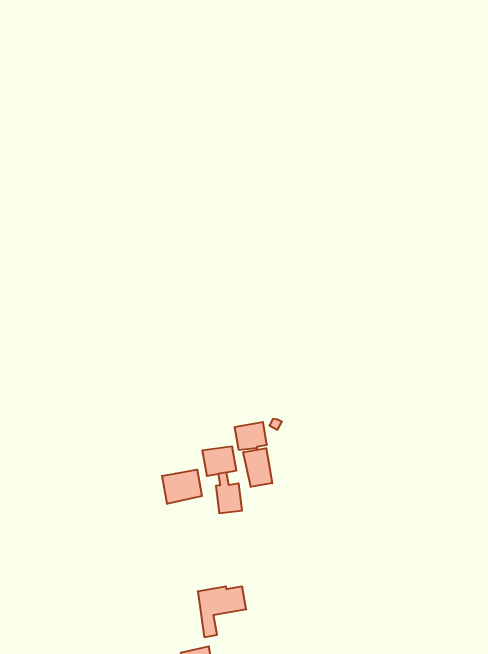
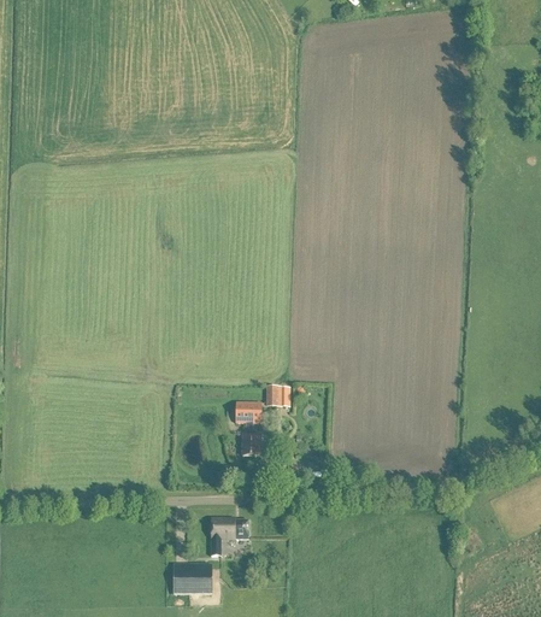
building: [243,448,272,487] -> none
building: [162,470,202,504] -> none

